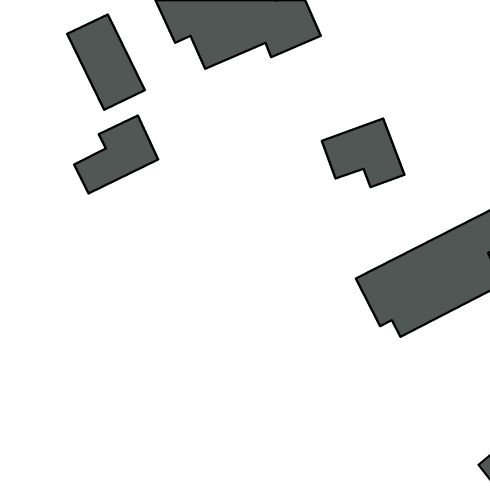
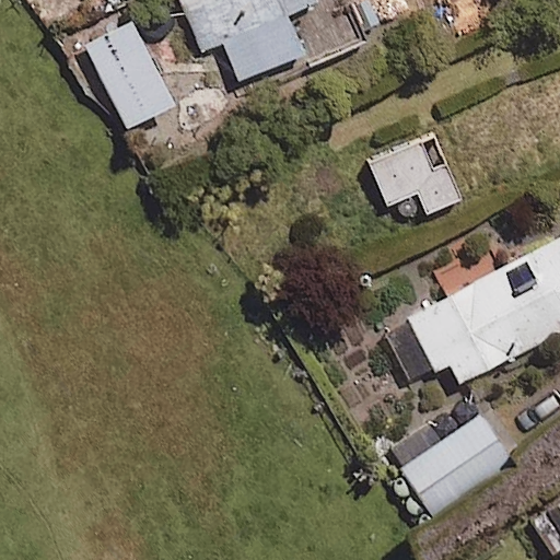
building: [74,115,158,193] -> none
building: none -> [402,417,509,512]

